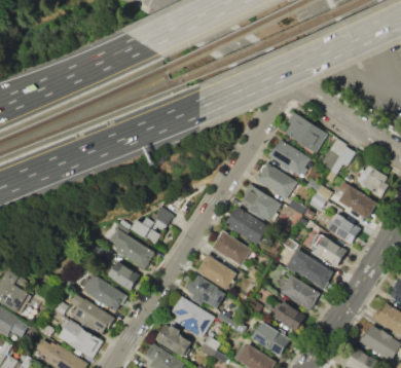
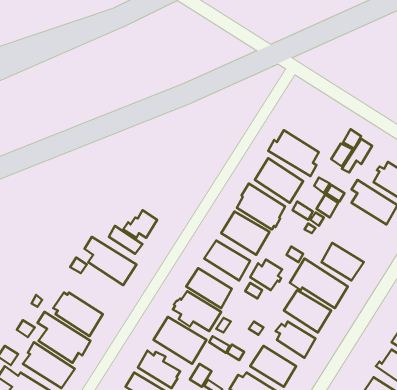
building: [283,112,327,153] -> none
building: [327,214,361,245] -> none
building: none -> [250,259,282,290]
building: [107,261,139,291] -> none

